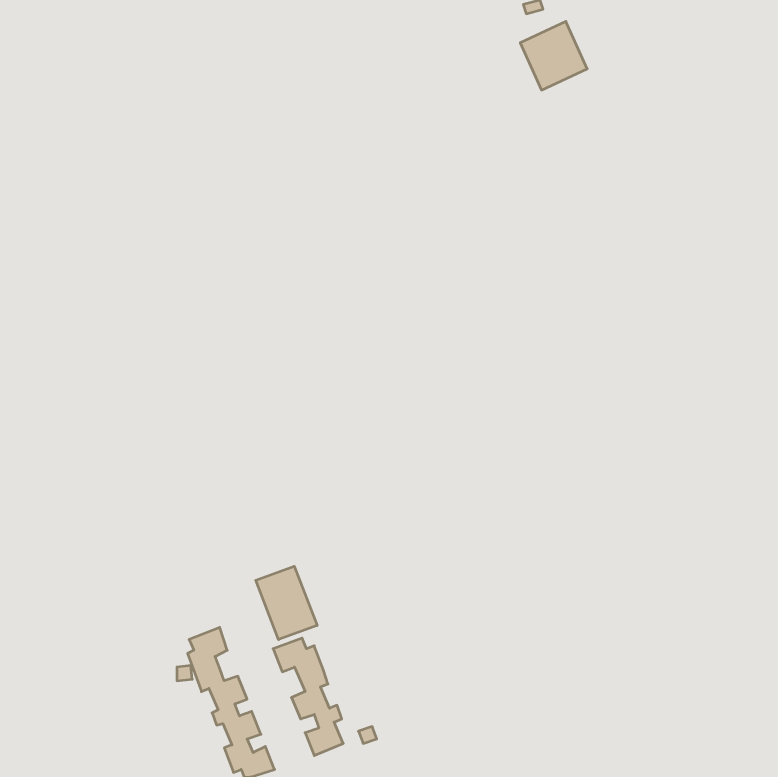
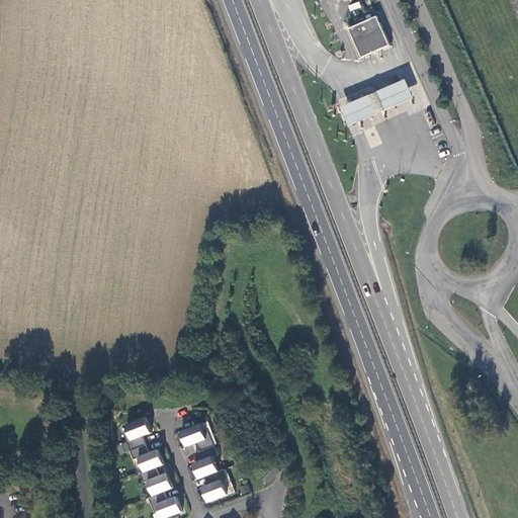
building: none -> [339,79,411,123]
building: [256,566,317,640] -> none

